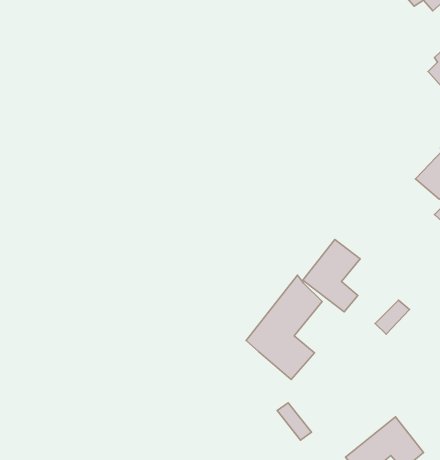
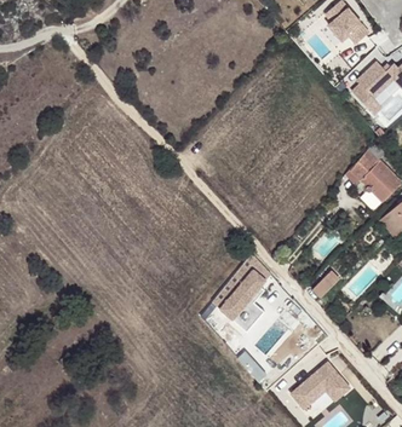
building: [303,239,360,312] -> none

